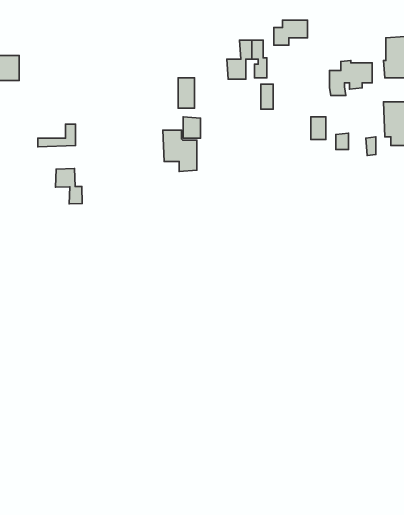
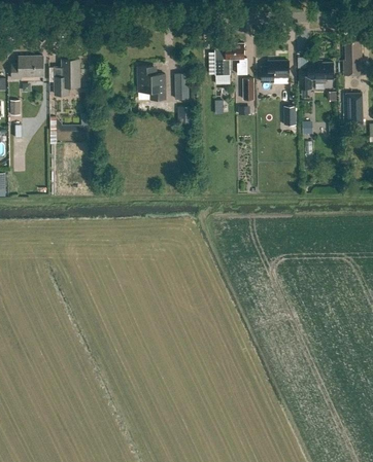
building: [274,20,308,45] -> [261,62,289,82]
building: none -> [55,60,79,95]
building: [163,130,197,171] -> [136,69,164,103]
building: [55,168,82,204] -> none

